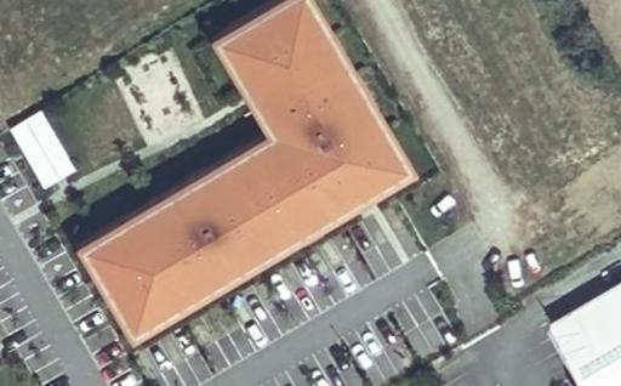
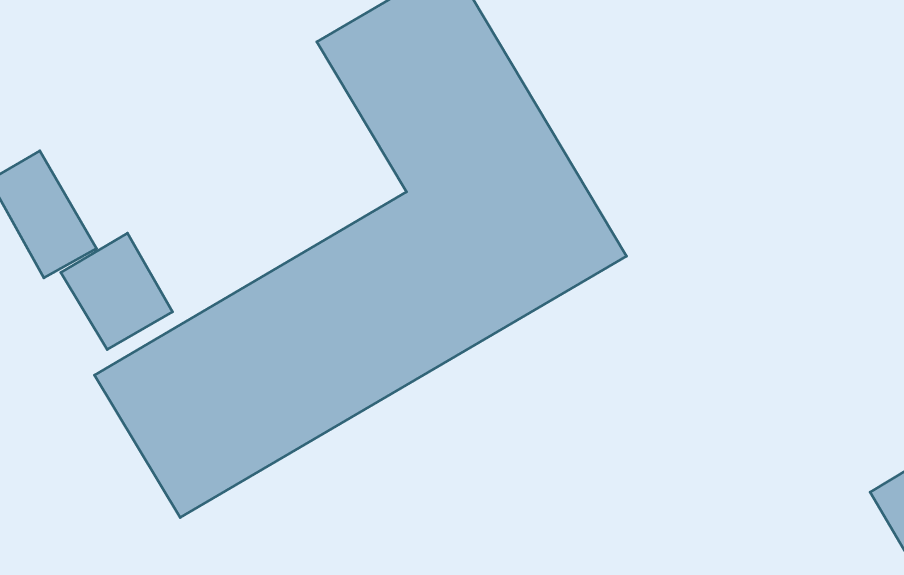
building: none -> [61,233,172,349]

